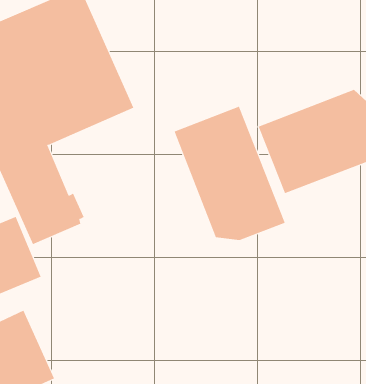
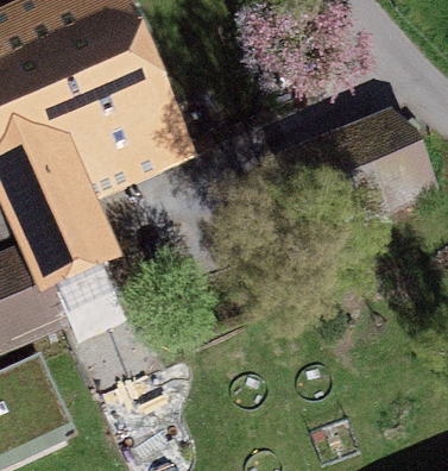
building: [174,106,286,241] -> none

